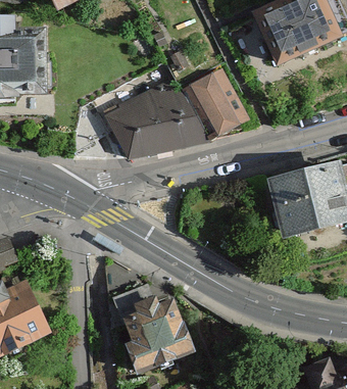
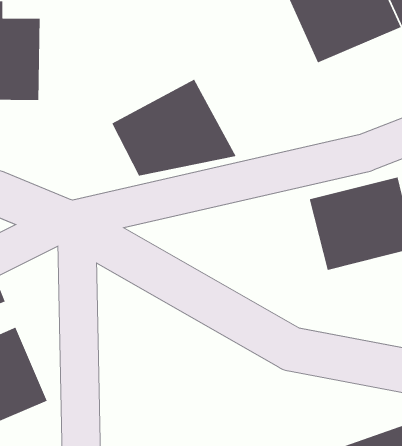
building: [180,67,249,142] -> none
building: [117,293,194,373] -> none

